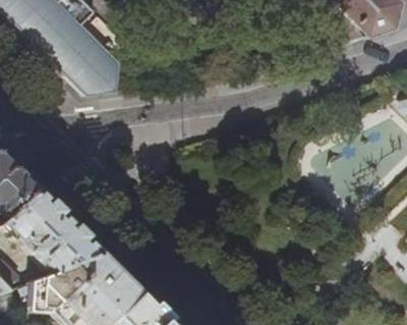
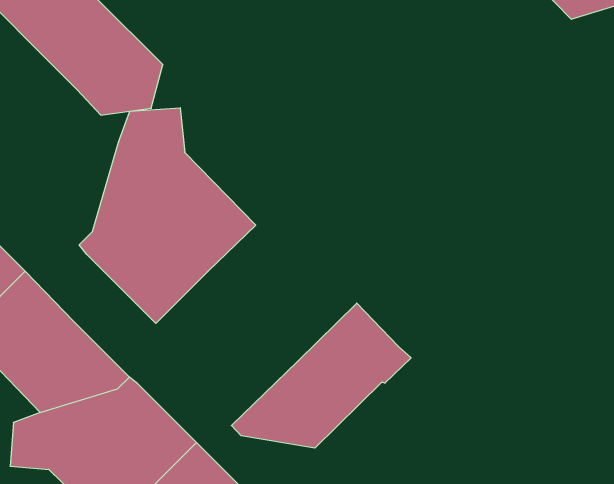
building: none -> [79,108,256,323]
building: none -> [231,303,411,448]

